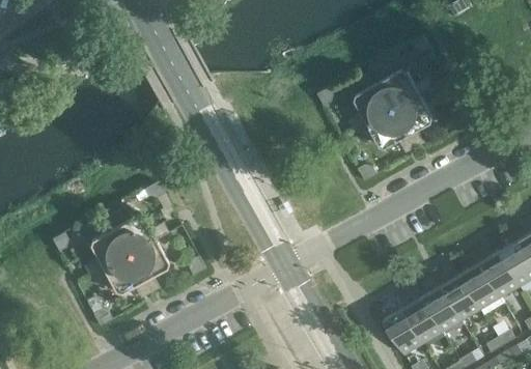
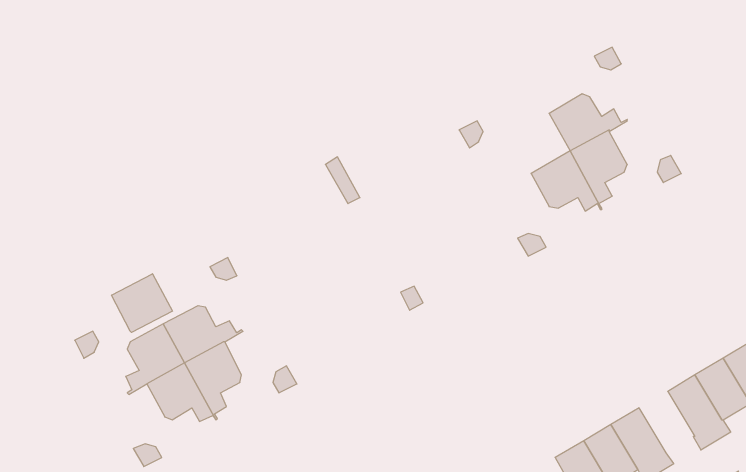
building: [353,83,394,132] -> none
building: none -> [112,274,172,332]
building: [442,275,480,317] -> none

